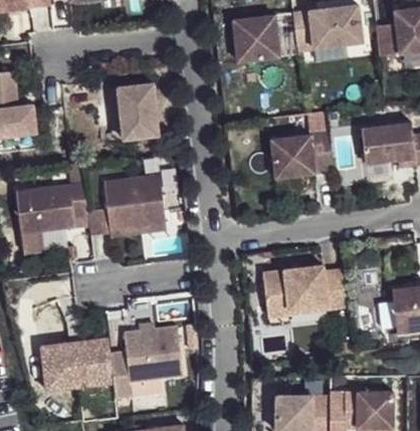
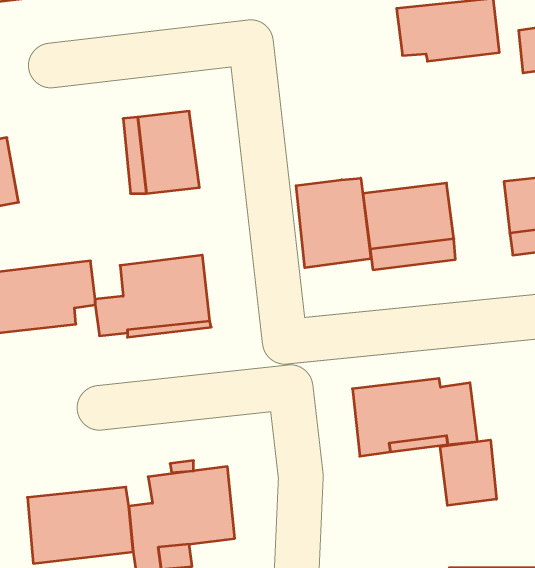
building: [234,13,280,59] -> none
building: none -> [296,178,371,268]
building: none -> [440,440,496,505]

